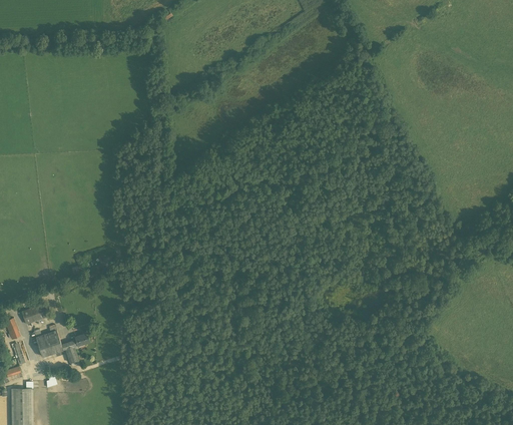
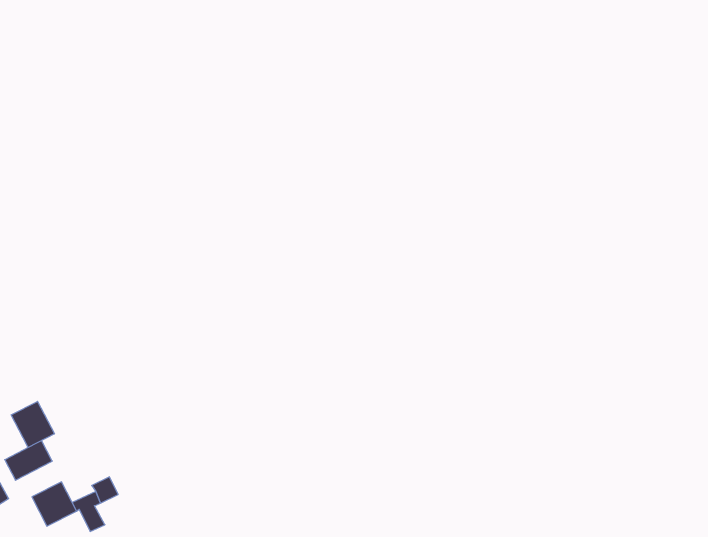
building: none -> [11,401,54,447]

